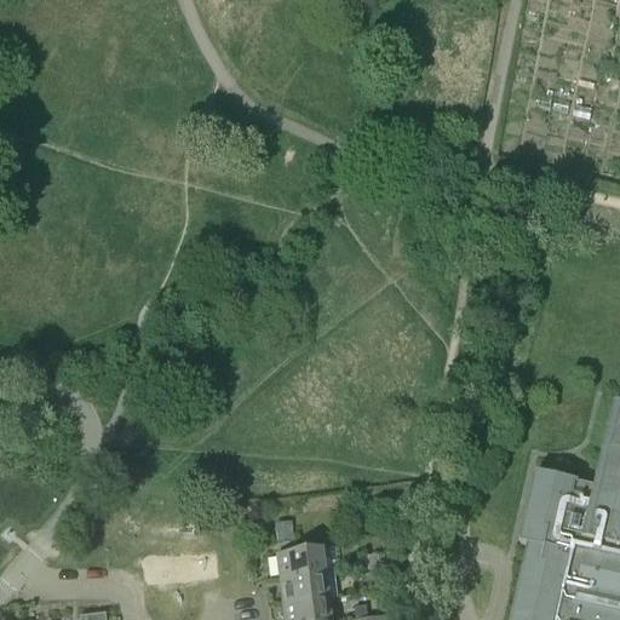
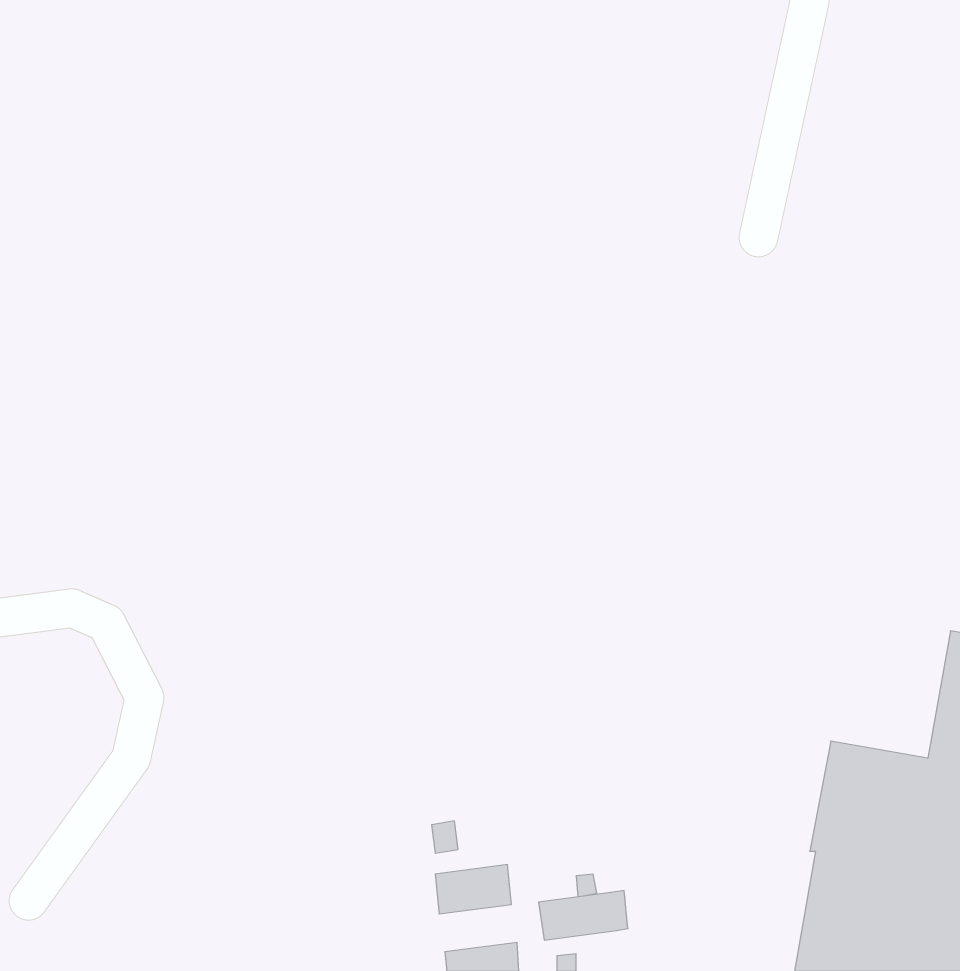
building: [287,575,344,607] -> [539,891,628,940]

